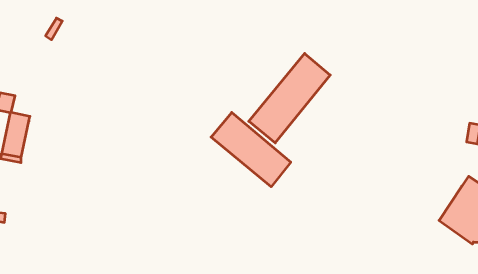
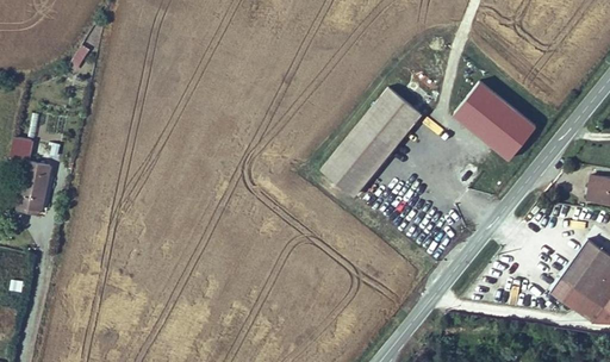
building: none -> [455,81,539,160]
building: [211,112,291,187] -> none

